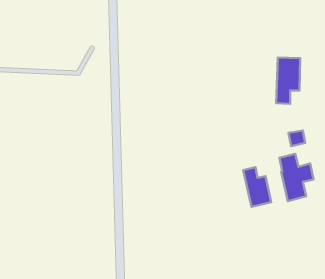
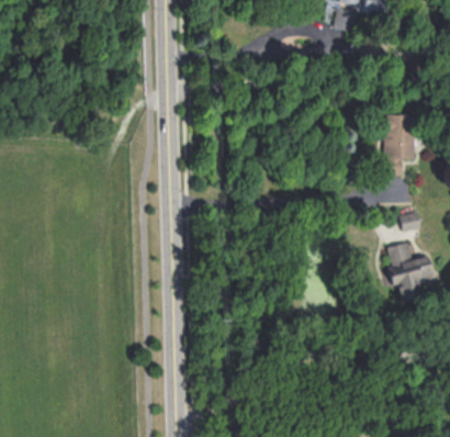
building: [243,167,271,207] -> none

